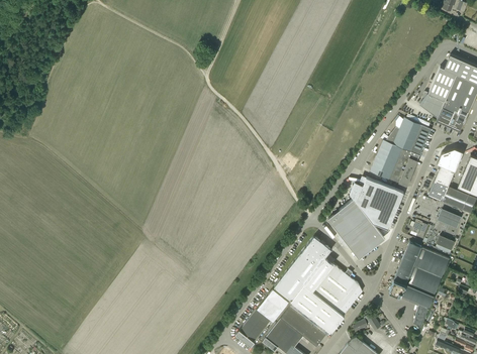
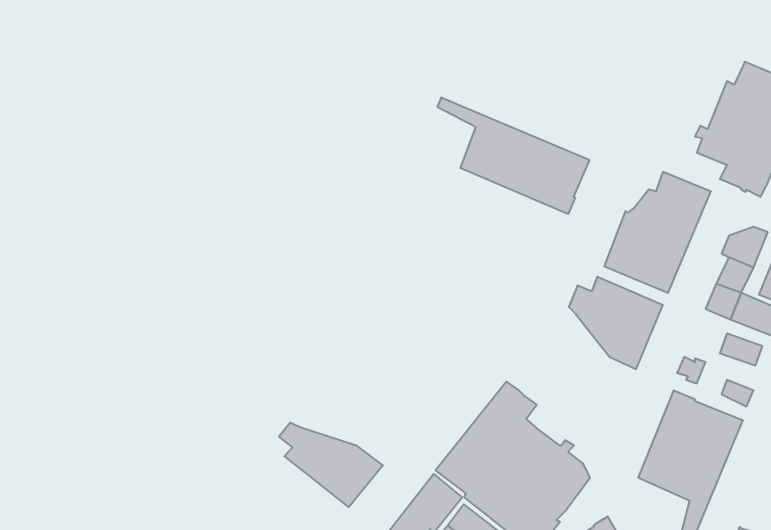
building: none -> [437,97,589,214]
building: [328,199,378,259] -> none
building: none -> [279,423,383,507]

